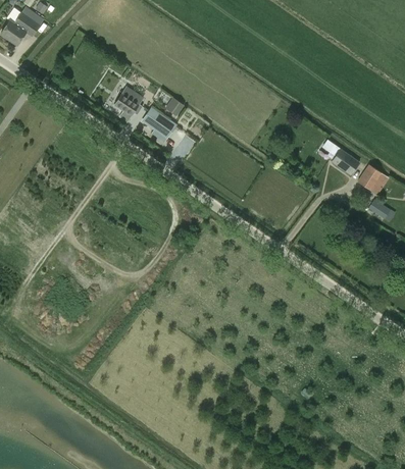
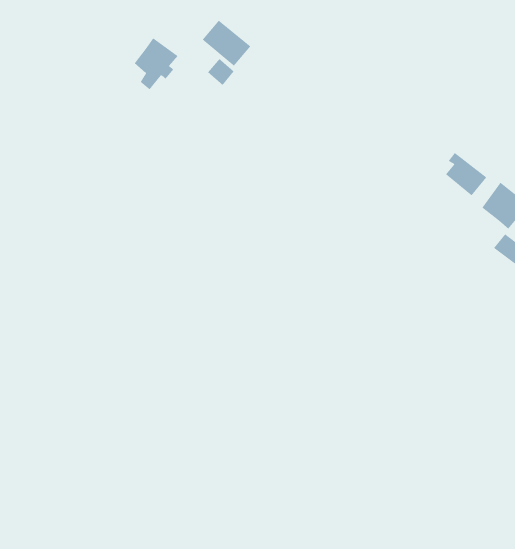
building: [142,108,175,139] -> [202,20,251,66]

